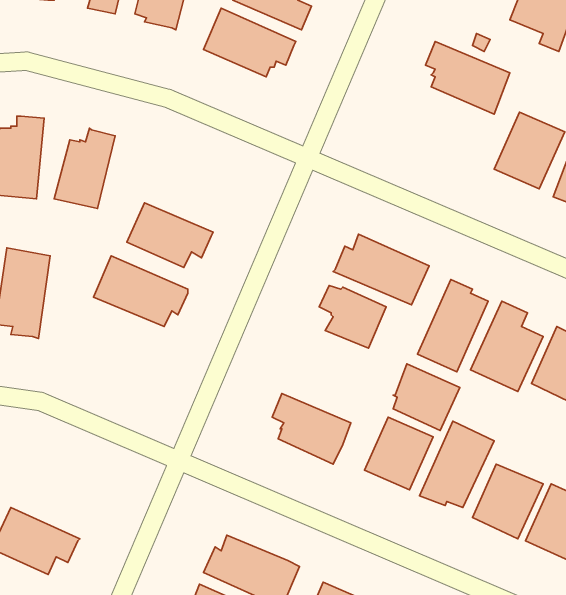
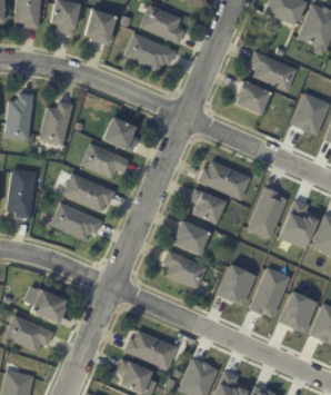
building: none -> [234,79,271,115]
building: none -> [103,116,138,152]
building: none -> [51,203,103,241]
building: [393,364,460,431] -> [174,219,212,257]
building: none -> [31,289,67,324]

